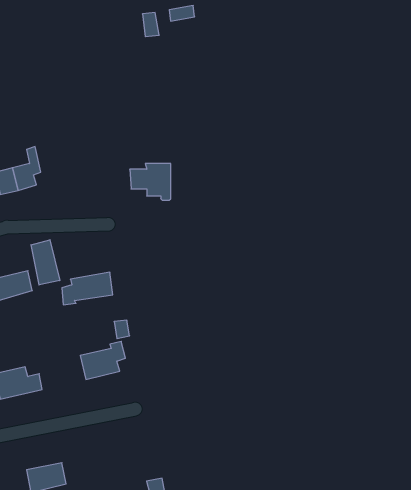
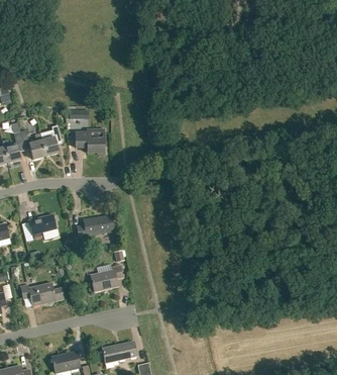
building: [130,164,171,200] -> [75,128,104,155]
building: [31,240,60,285] -> none
building: none -> [102,341,136,362]

